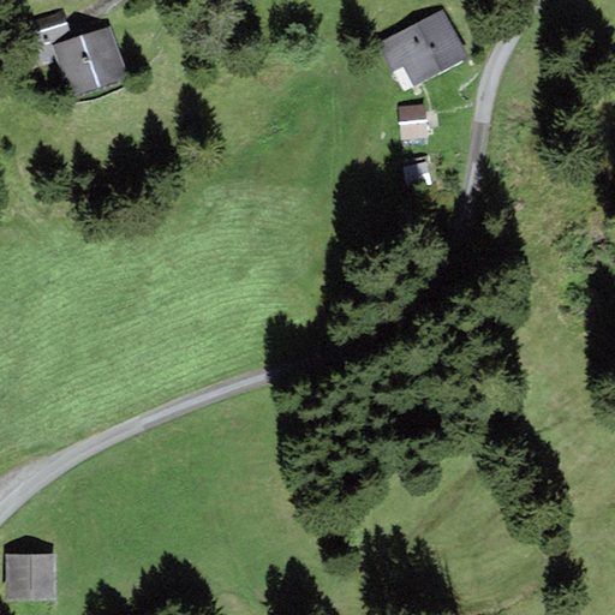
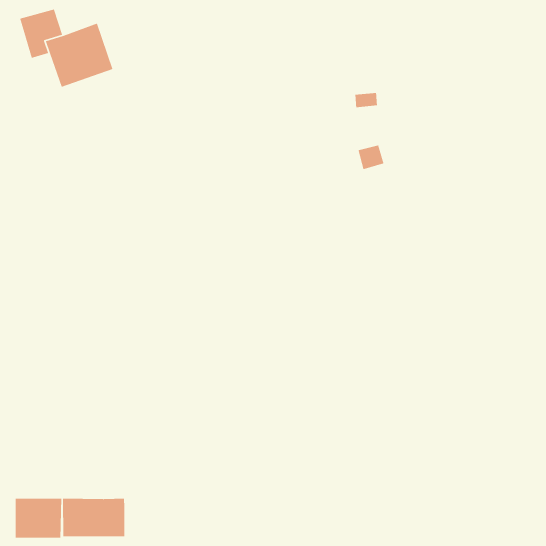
building: [376,10,466,85] -> none
building: none -> [62,498,125,537]

